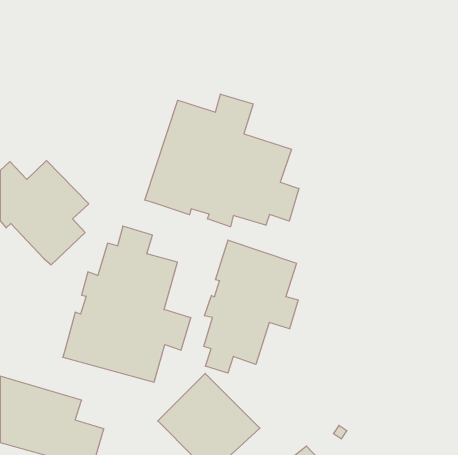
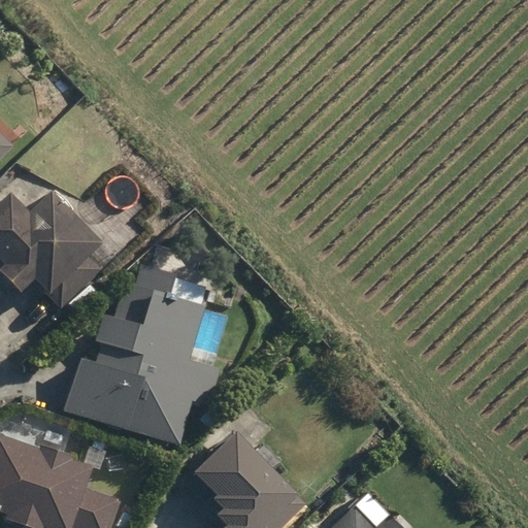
building: [145,94,299,227] -> none
building: [204,240,298,373] -> none

